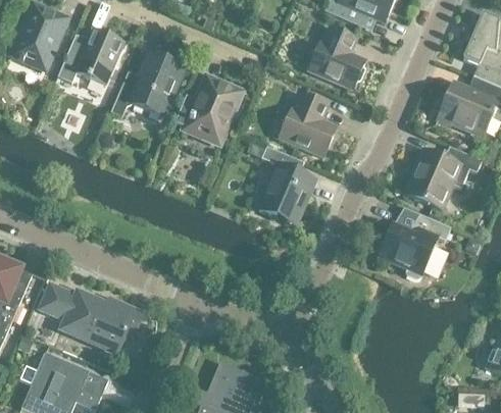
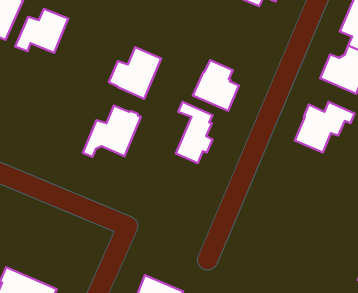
building: [308,28,367,90] -> none
building: [110,53,183,117] -> [83,105,141,157]
building: [379,214,451,279] -> none
building: [48,290,143,353] -> none

